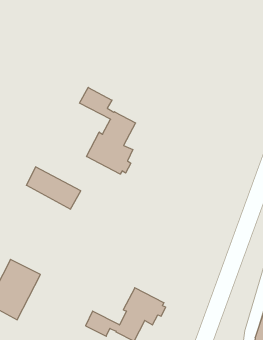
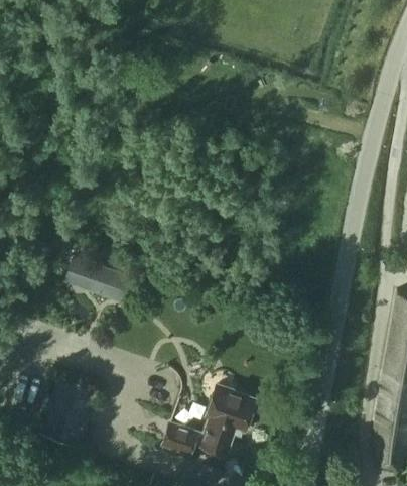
building: [80,87,136,174] -> none

